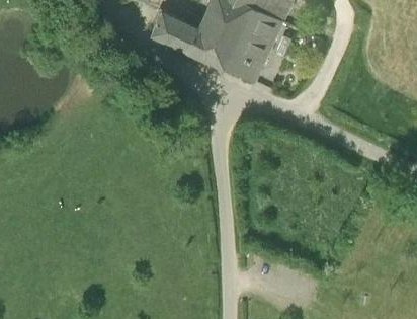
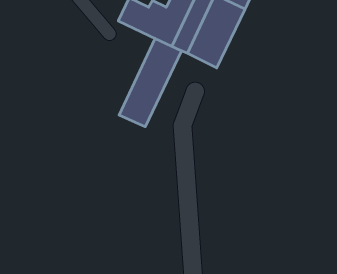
building: none -> [119,38,182,127]

